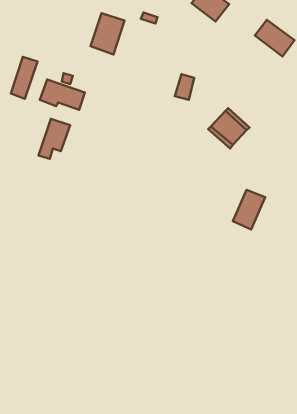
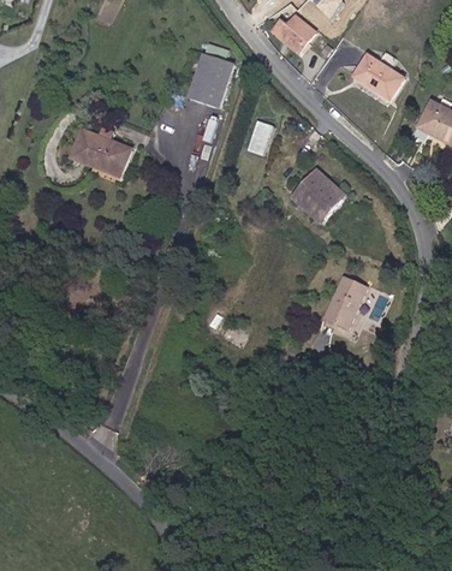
building: [91,13,125,54] -> [188,53,232,107]
building: [11,57,38,99] -> none
building: [38,119,70,159] -> none

